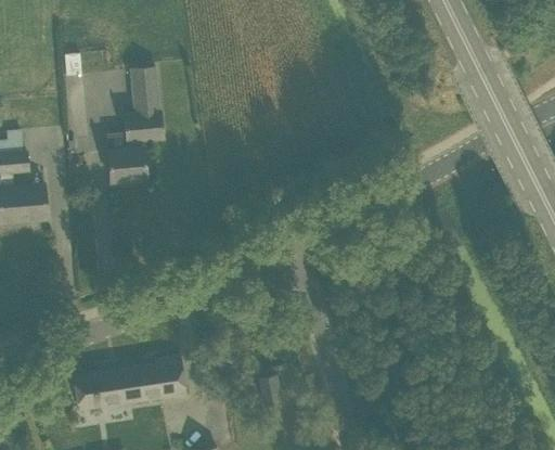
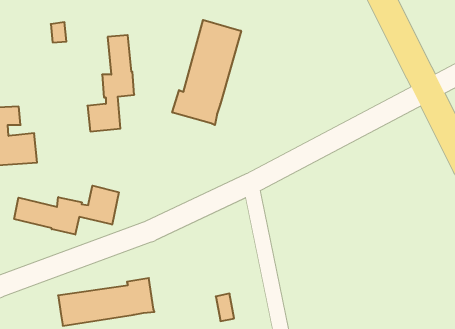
building: none -> [172,20,241,125]
building: none -> [14,186,119,235]

